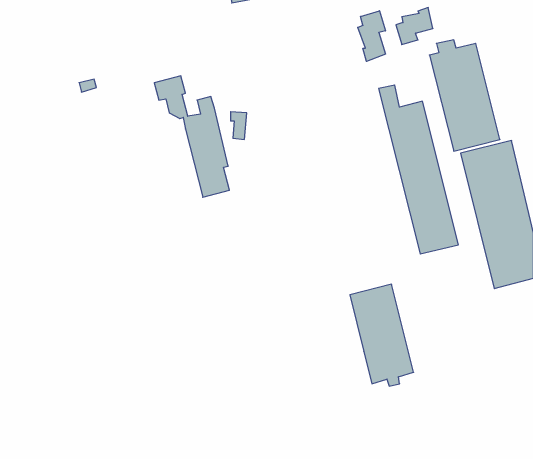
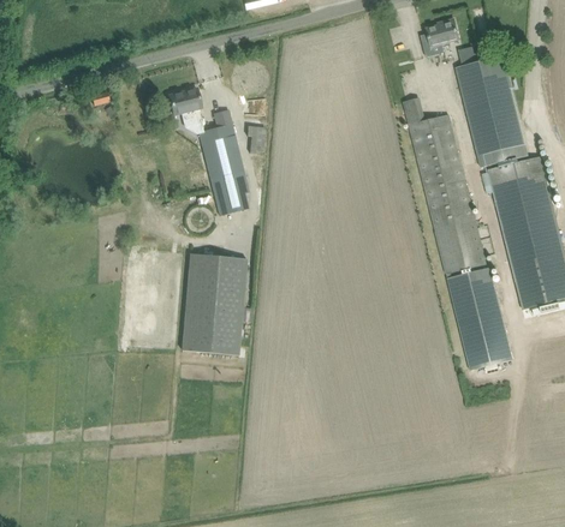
building: [358,11,385,61] -> none
building: none -> [180,252,245,354]
building: [350,284,414,386] -> [446,267,512,372]

